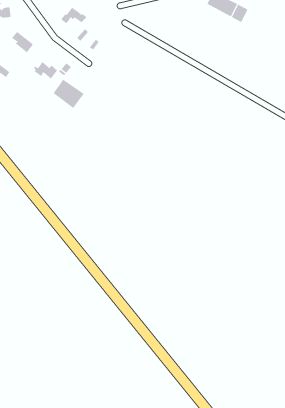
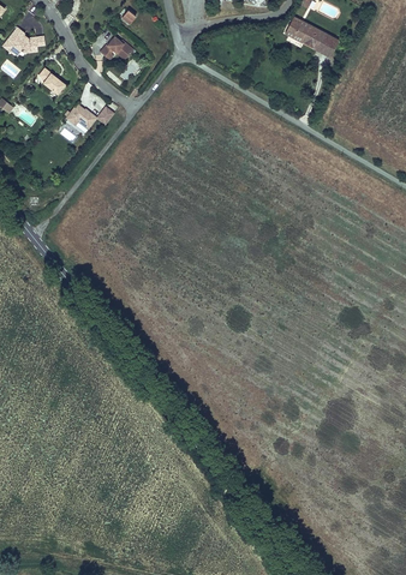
building: [53,79,84,109] -> none

